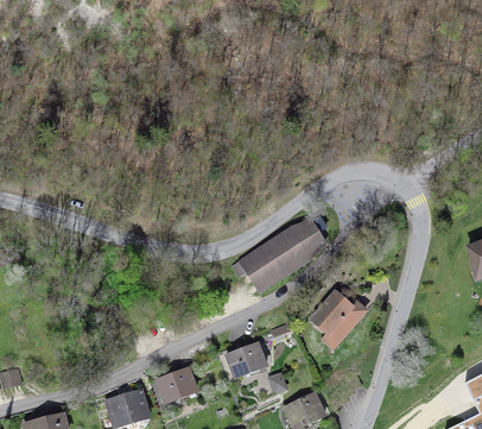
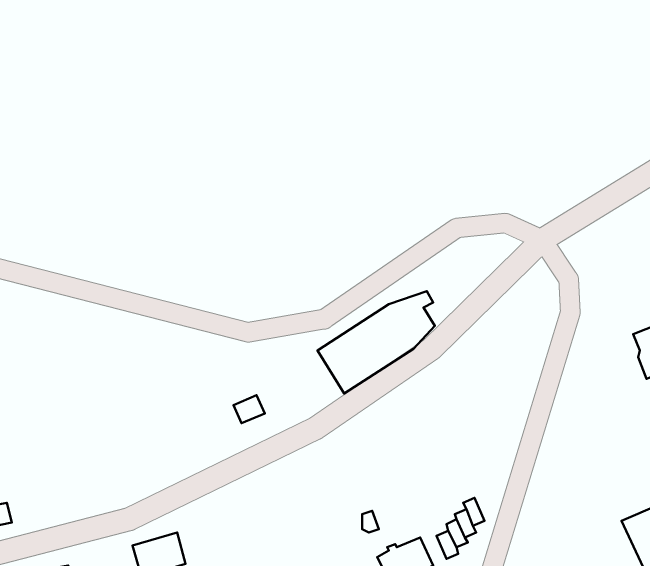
building: [312,292,364,333] -> none
building: [226,343,266,377] -> none
building: [157,368,196,402] -> none

